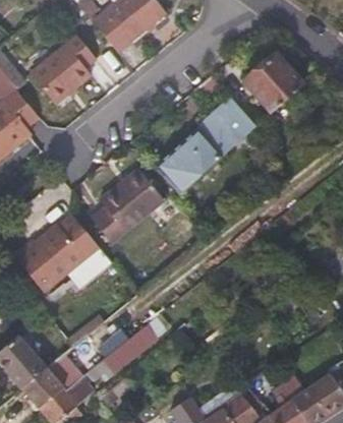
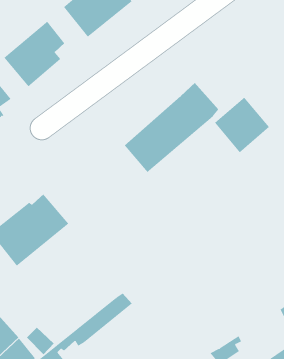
building: [244,54,302,113] -> [214,97,270,153]
building: [91,169,163,243] -> none

